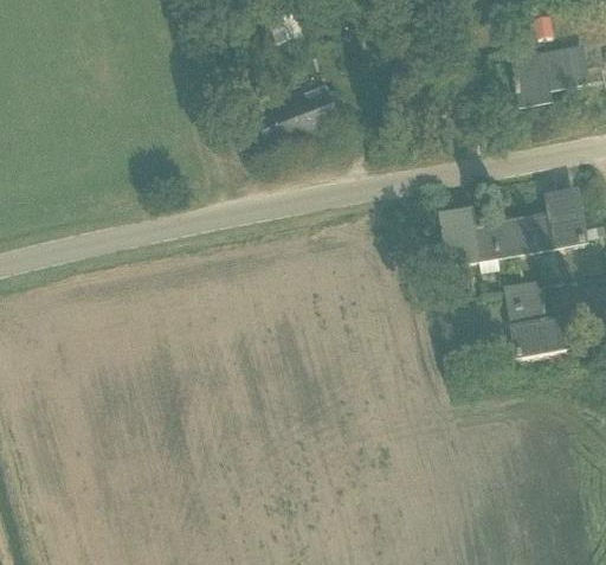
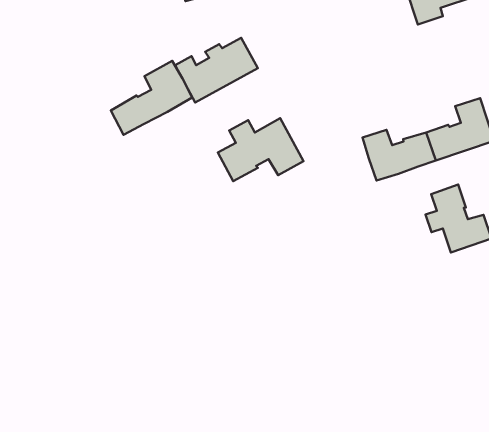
building: none -> [111,61,192,135]
building: none -> [218,118,304,181]

